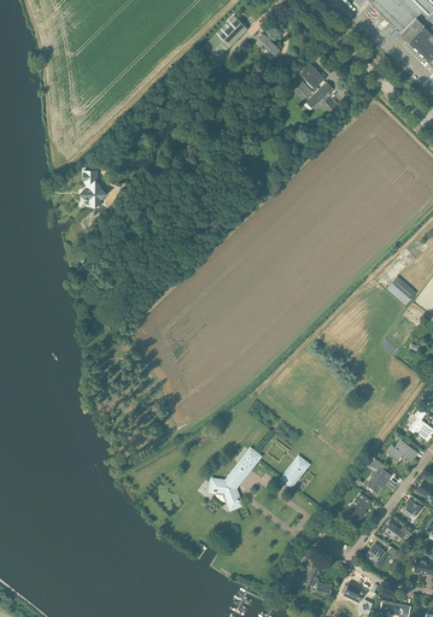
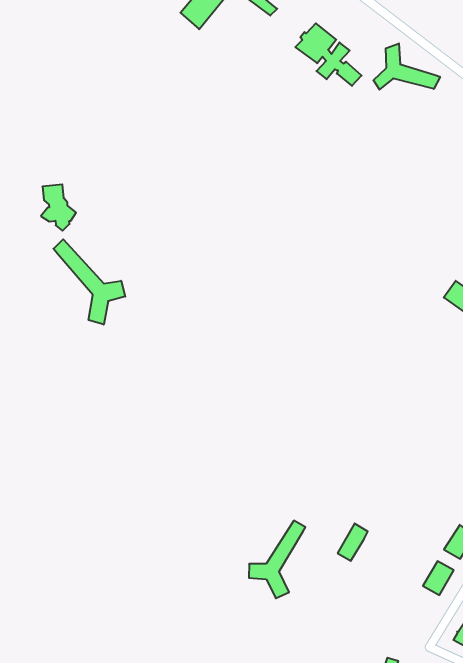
building: none -> [373,43,440,90]
building: none -> [53,239,125,325]

